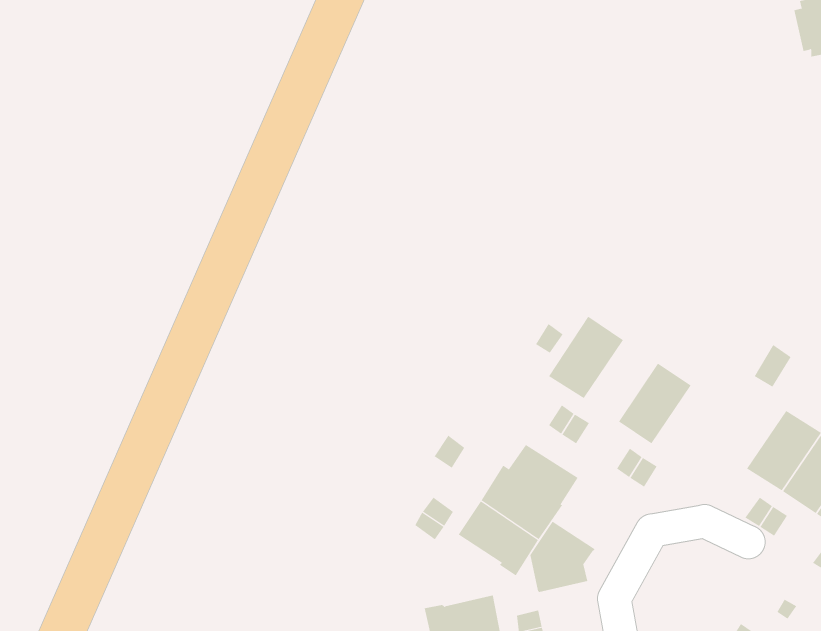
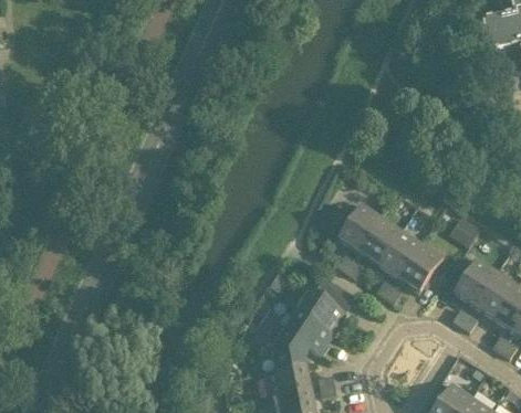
building: none -> [358,218,402,265]
building: none -> [398,244,442,293]
building: [530,521,596,593] -> [271,331,310,373]

